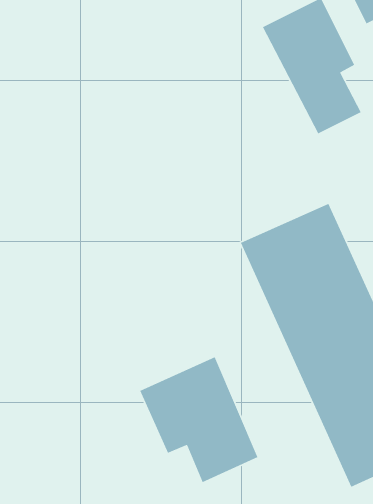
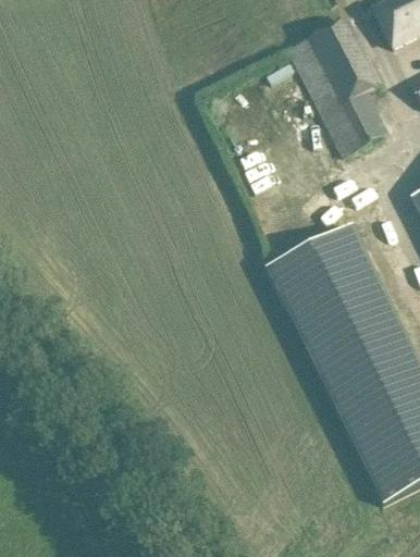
building: [139,356,259,483] -> none

